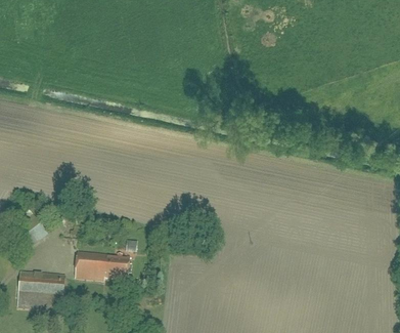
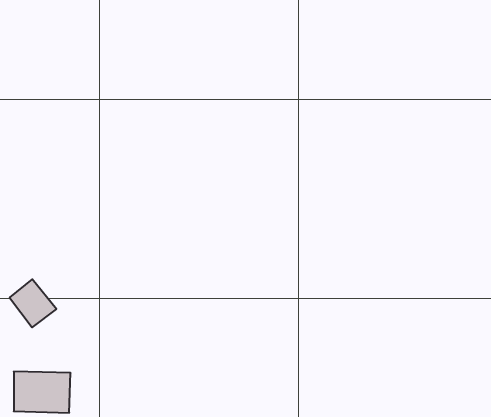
building: [77,253,124,284] -> none

